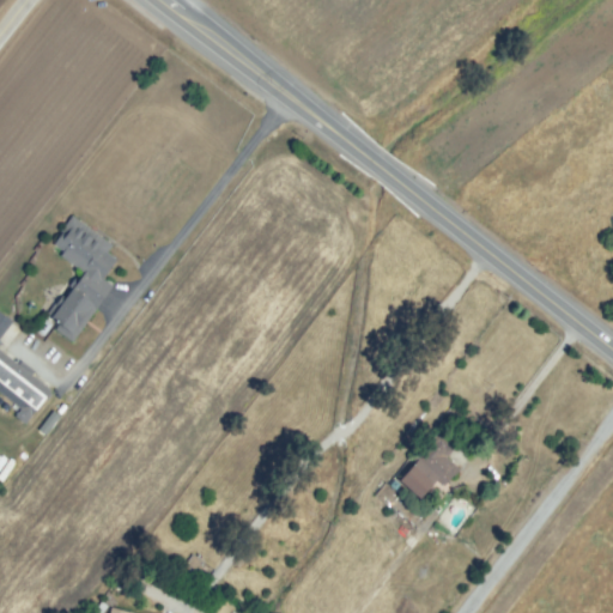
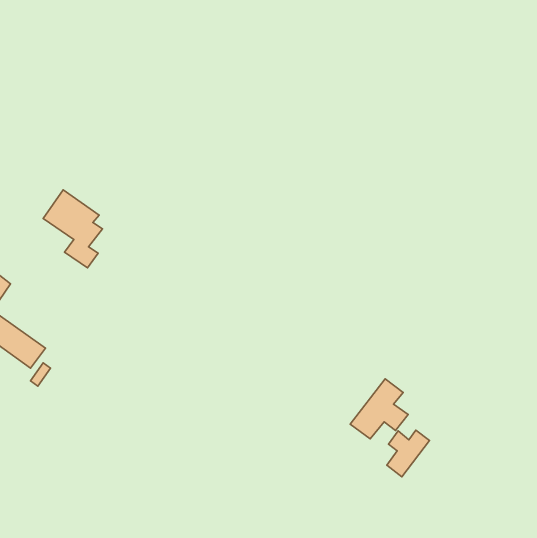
building: [47,292,95,344] -> none
building: none -> [387,430,430,477]

